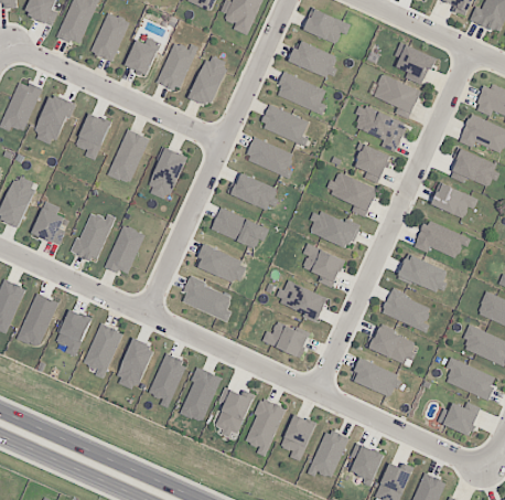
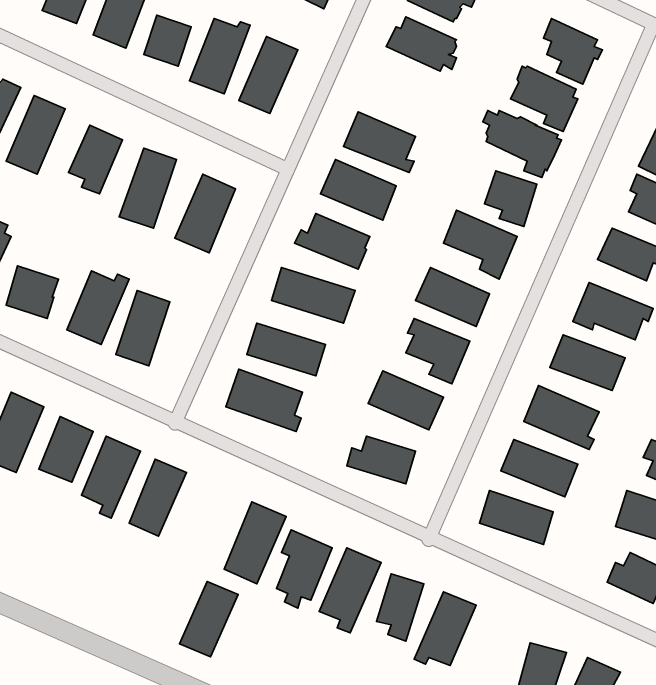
building: [275,72,325,115] -> none
building: [147,353,186,404] -> [179,581,238,657]
building: [346,443,383,482] -> none

